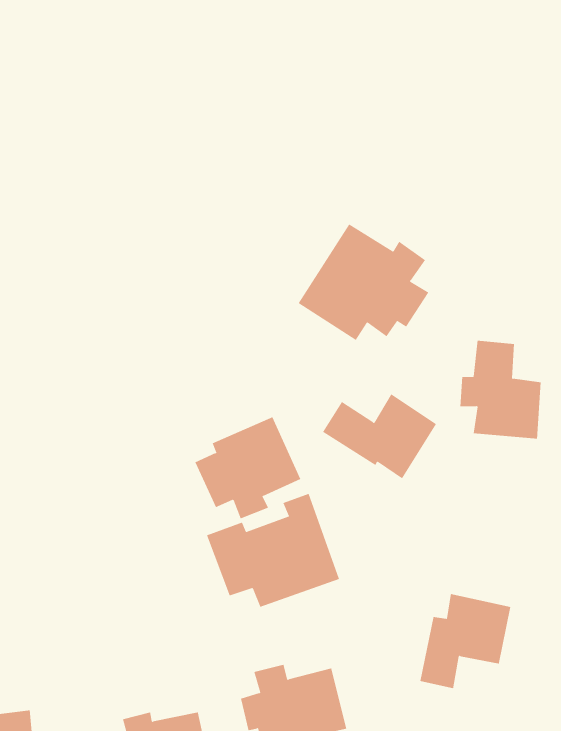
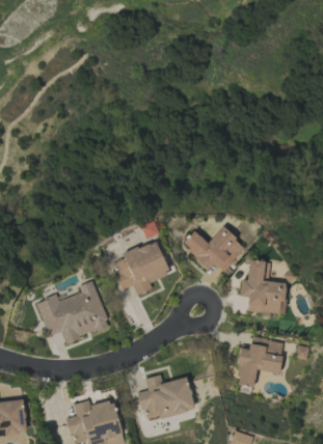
building: [298,223,429,341] -> none
building: [460,340,542,439] -> [240,260,285,314]
building: [206,493,340,608] -> [36,280,109,342]

